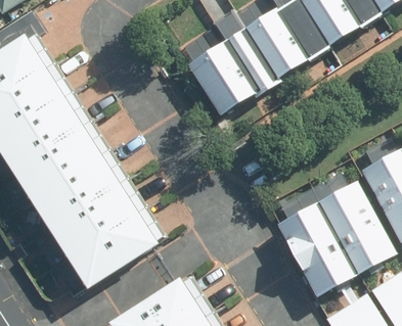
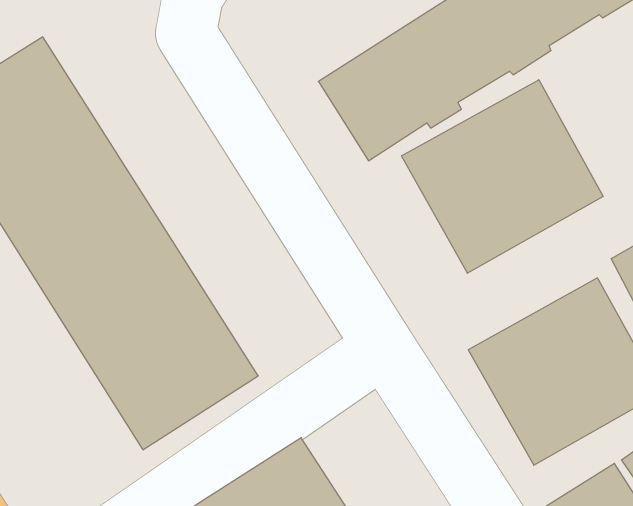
building: none -> [402,80,603,273]

